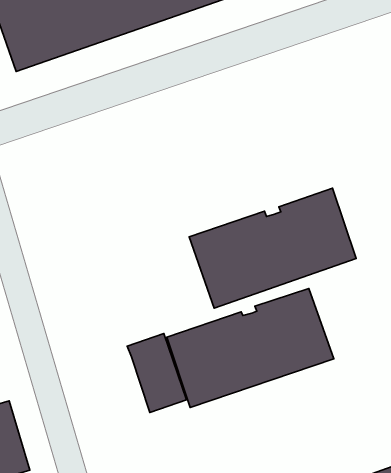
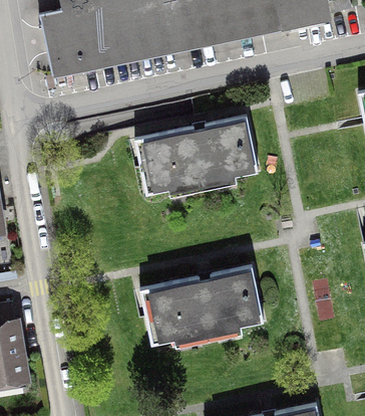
building: [189,188,356,308] -> [135,117,259,196]
building: [127,334,187,413] -> none

